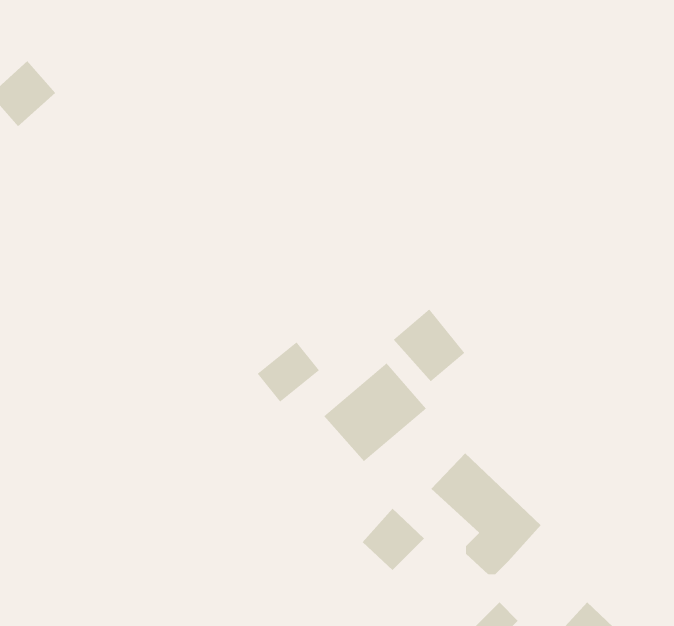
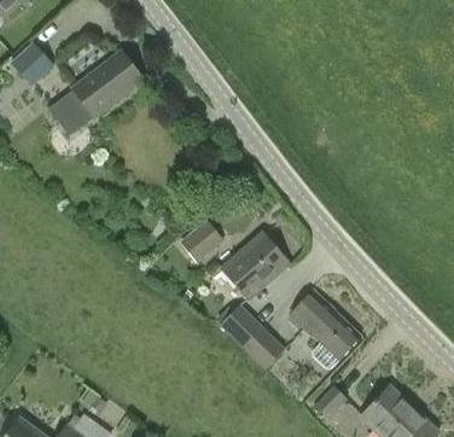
building: none -> [47,51,142,135]
building: [393,309,465,382] -> none
building: none -> [220,301,266,348]

